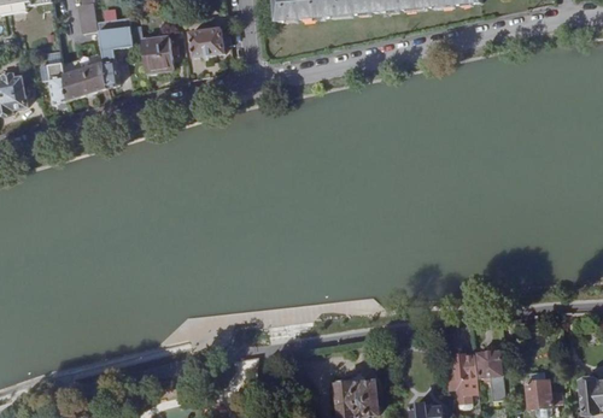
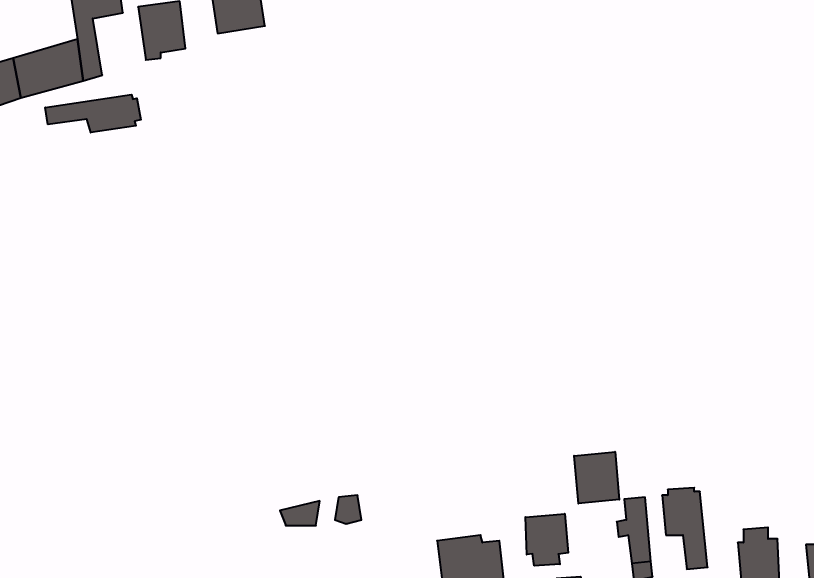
building: none -> [45,95,141,133]
building: none -> [574,452,619,504]
building: none -> [525,514,568,566]

